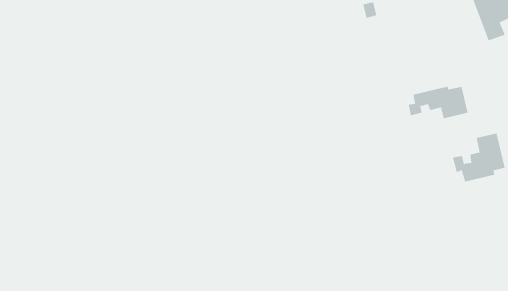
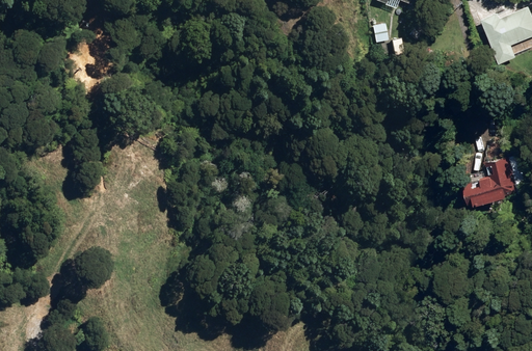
building: [408,86,468,119] -> none

